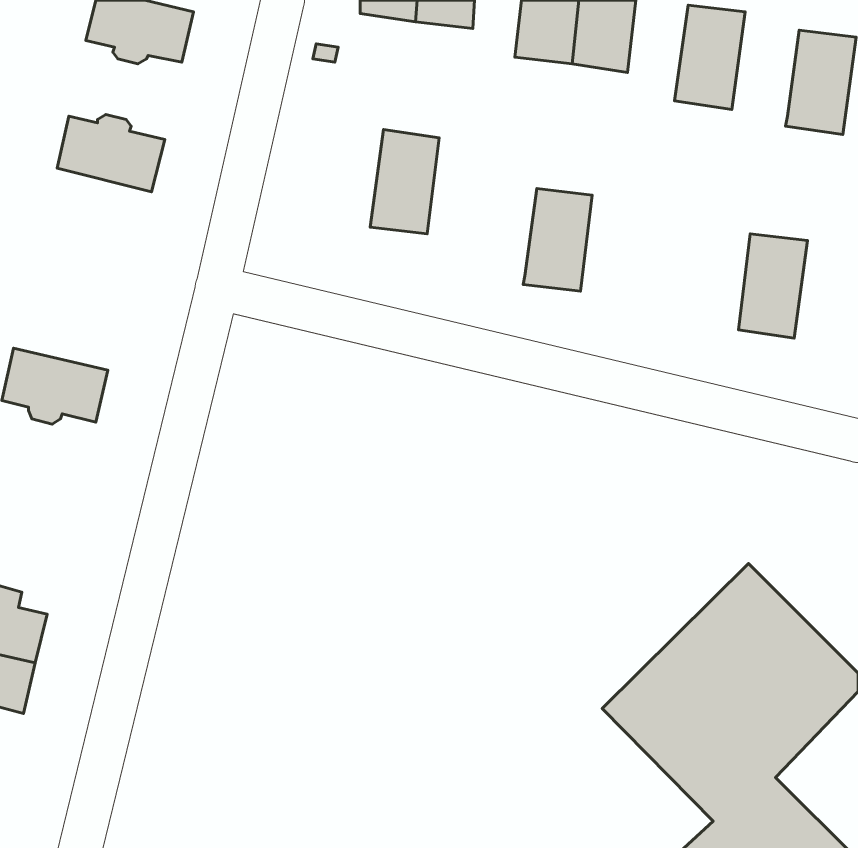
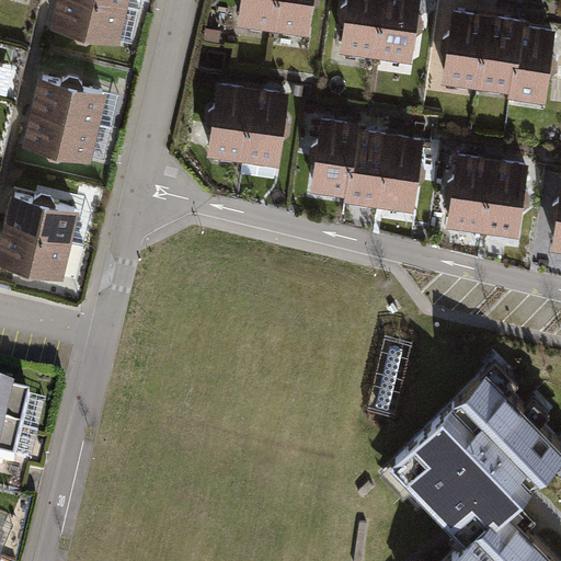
building: none -> [477,15,522,83]
building: none -> [205,88,250,156]
building: none -> [28,117,99,167]
building: none -> [305,119,350,187]
building: none -> [378,135,423,203]
building: none -> [444,154,489,222]
building: none -> [9,198,79,249]

